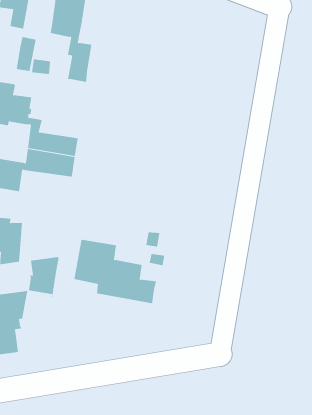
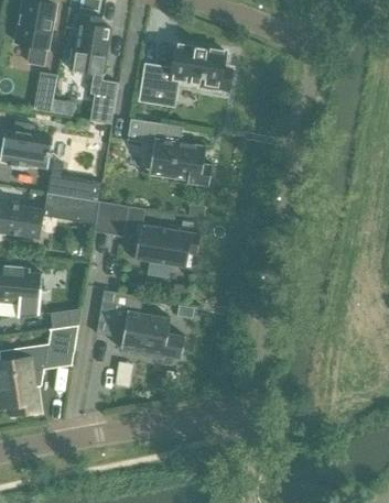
building: none -> [140,44,233,106]
building: none -> [127,119,212,187]
building: none -> [94,203,199,269]

